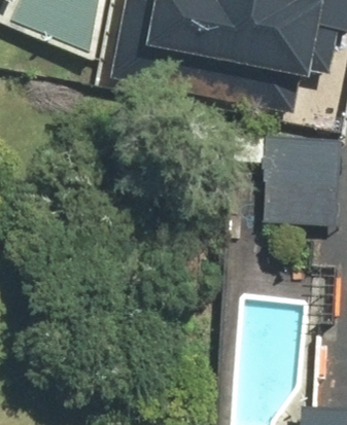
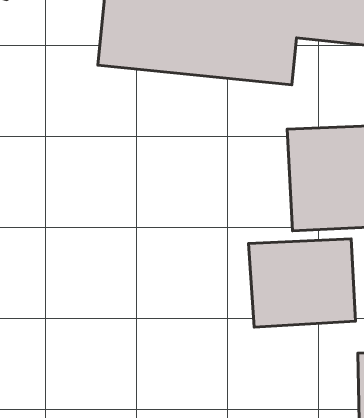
building: none -> [249,239,355,327]

